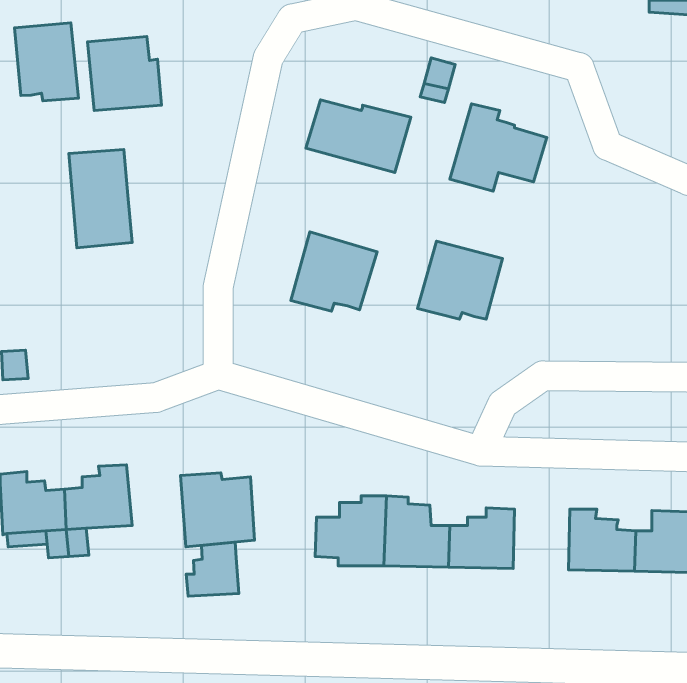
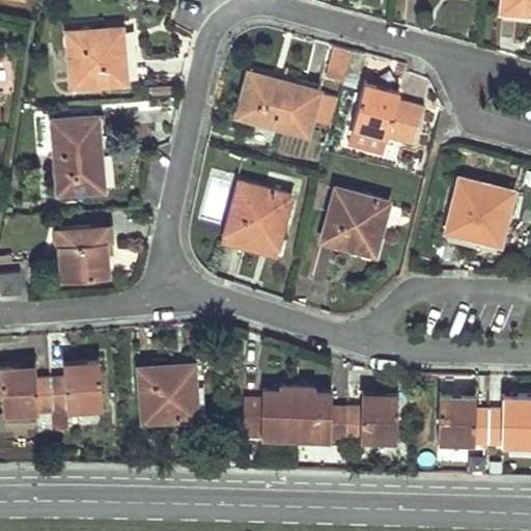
building: [15,23,78,101] -> none
building: none -> [447,180,512,241]
building: none -> [58,229,109,280]
building: [186,542,239,596] -> none

